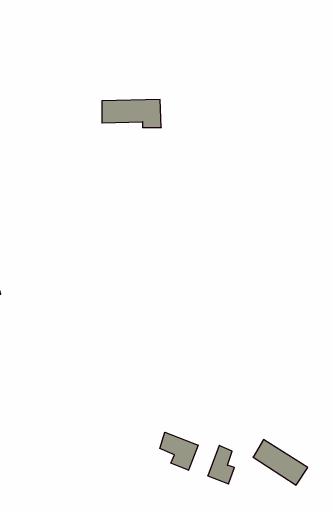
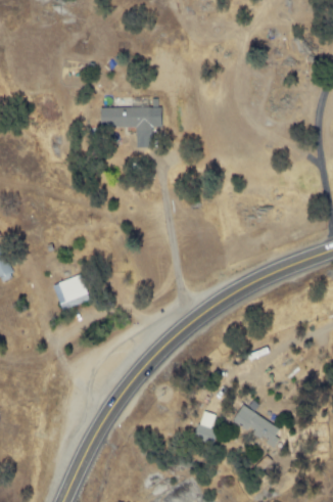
building: none -> [53,274,91,311]
building: [160,432,198,470] -> none

